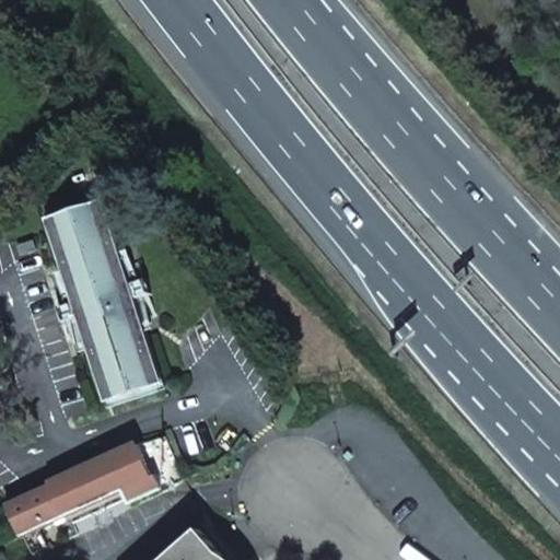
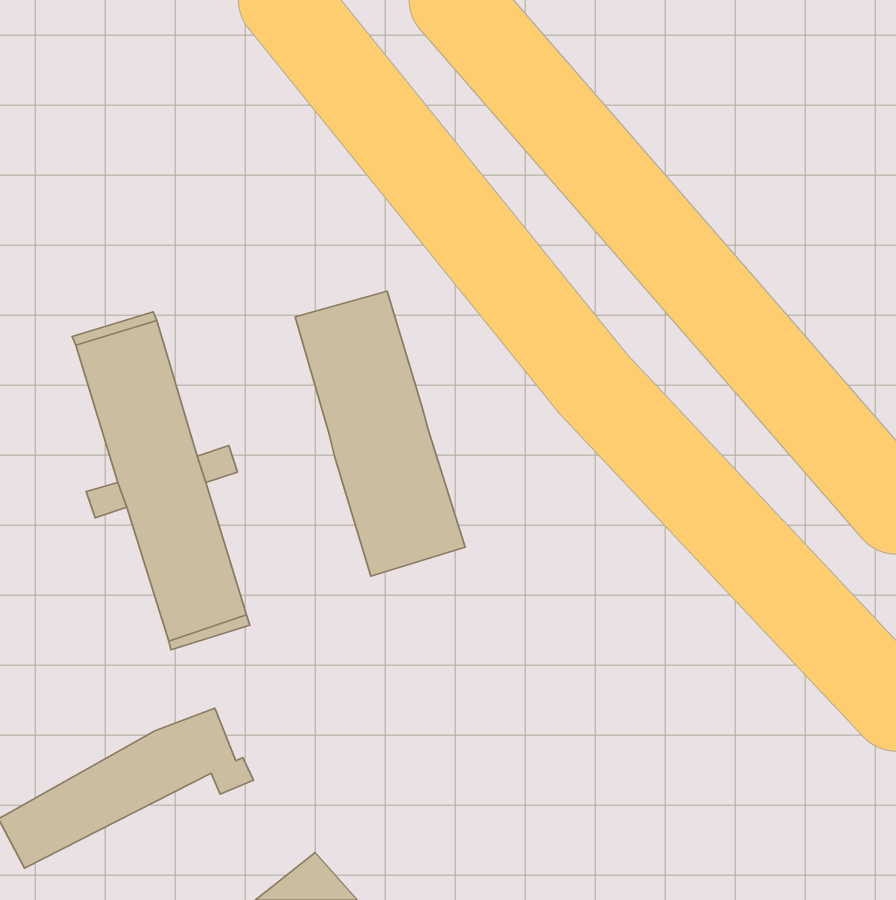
building: none -> [295,291,465,576]

